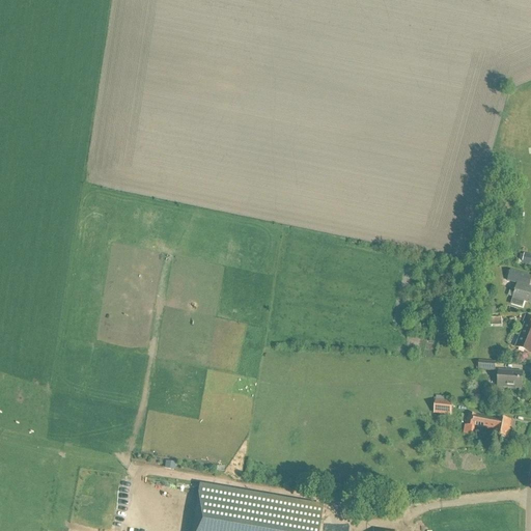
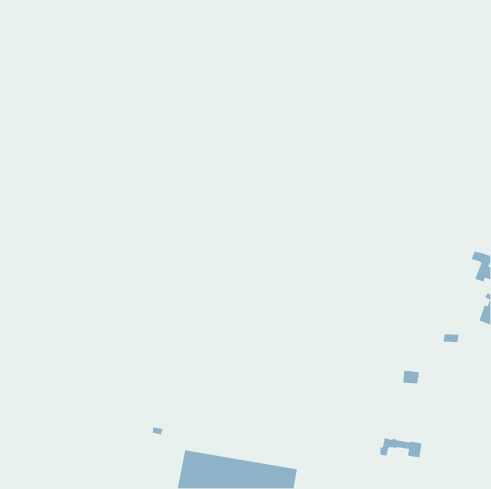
building: [498,369,523,388] -> none
building: [464,414,510,437] -> [379,437,423,458]

